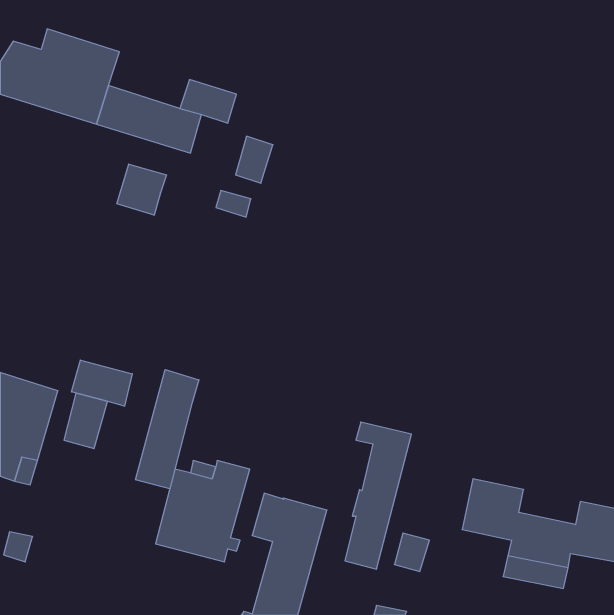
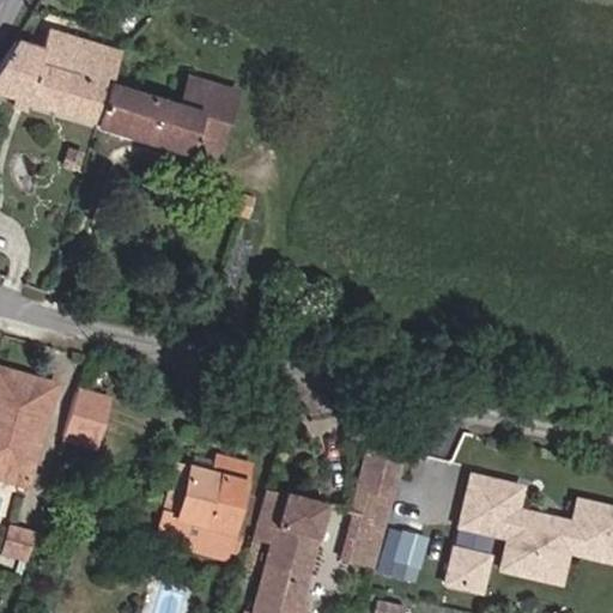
building: [236,136,273,183] -> [192,114,229,160]
building: [117,164,167,215] -> none
building: [71,360,132,406] -> none
building: [136,370,199,489] -> none
building: none -> [449,548,490,590]

